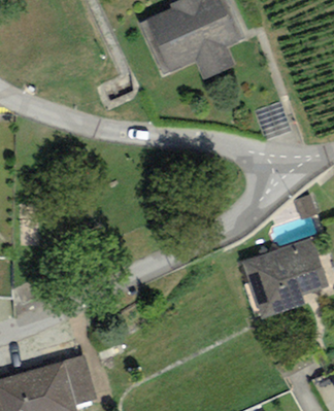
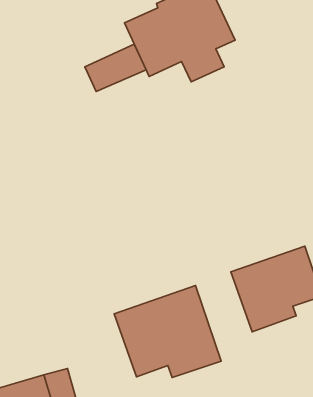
building: none -> [85,44,146,92]
building: none -> [114,286,221,377]

